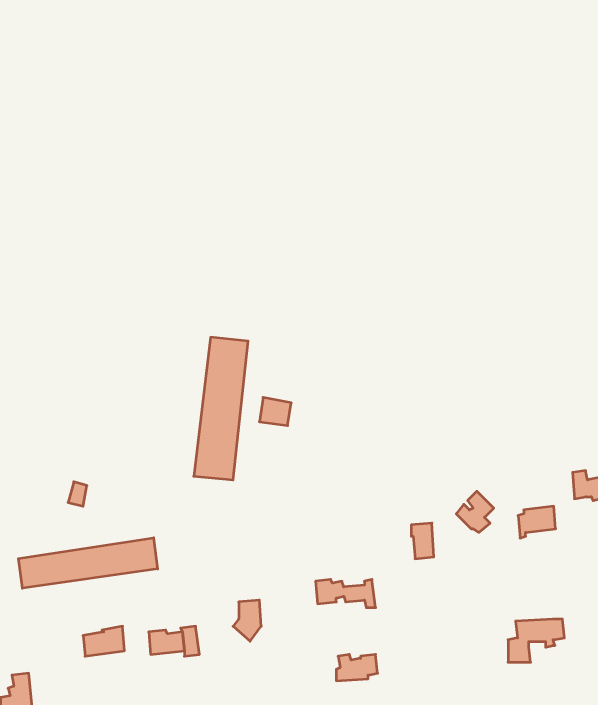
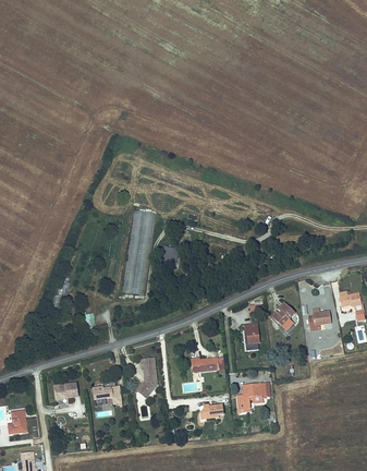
building: [18,538,158,588] -> none
building: [508,619,564,662] -> [237,382,270,407]

